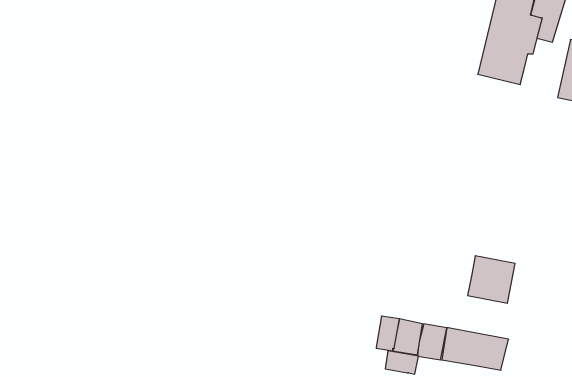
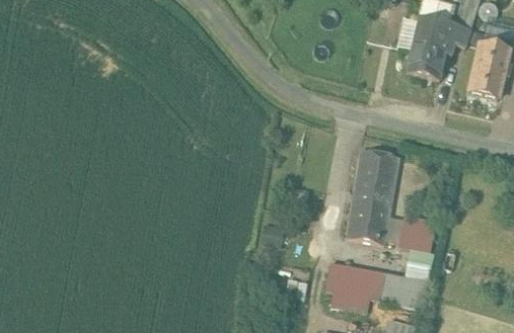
building: none -> [348,151,399,244]

